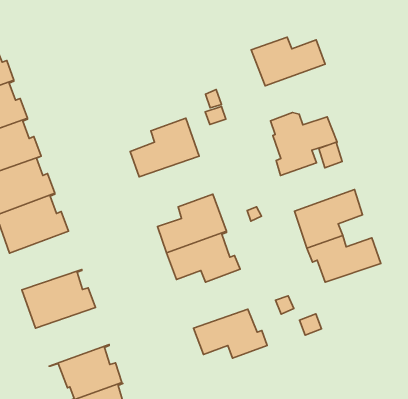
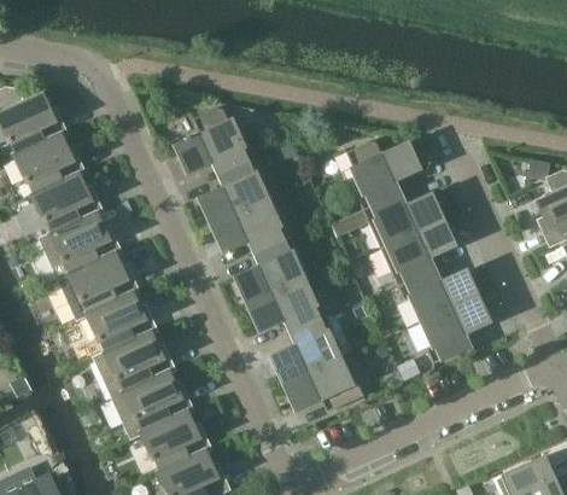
building: [251,37,325,86] -> [363,194,444,249]
building: none -> [175,109,256,175]
building: none -> [211,198,292,255]
building: none -> [78,291,158,359]
building: none -> [421,297,490,365]
building: none -> [271,316,340,384]
building: none -> [113,371,194,438]

